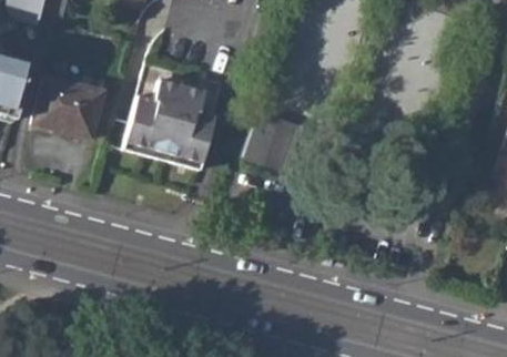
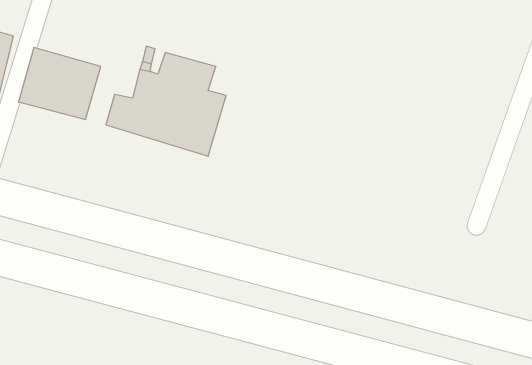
building: [241,109,304,172] -> none

